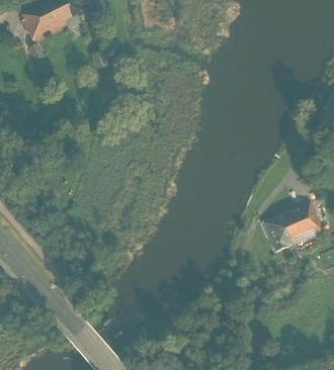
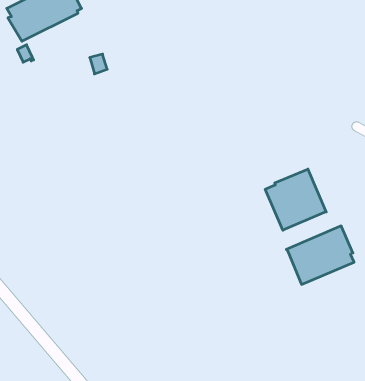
building: none -> [265,169,326,230]

